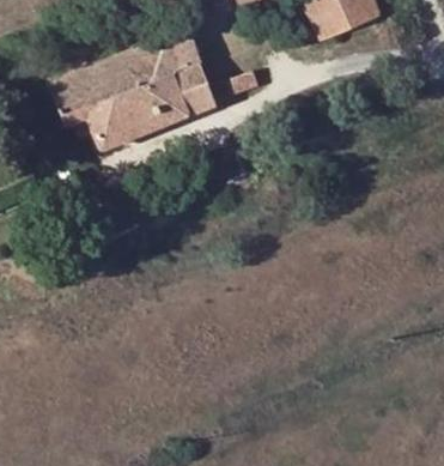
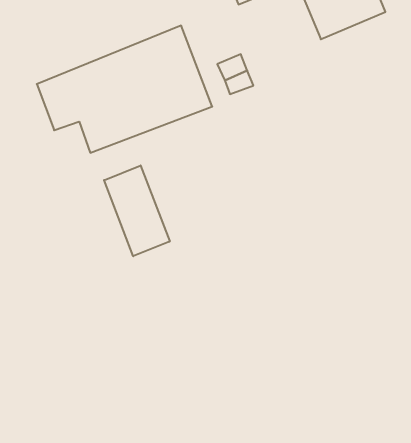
building: none -> [104,165,170,256]

